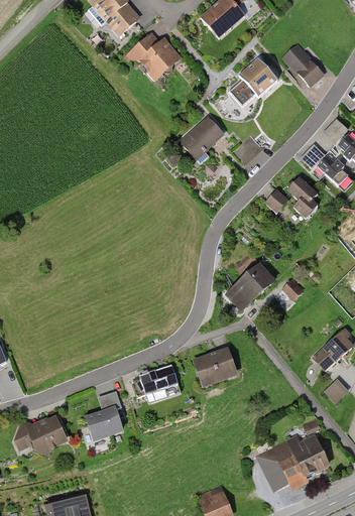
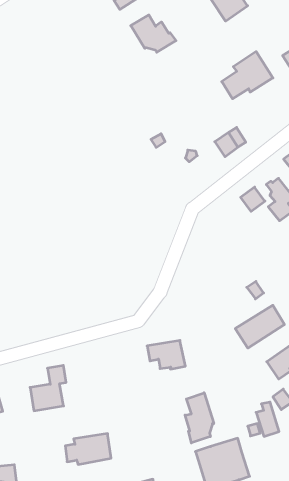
building: [181,117,223,157] -> none
building: [226,264,273,309] -> [235,305,284,348]
building: [132,364,179,398] -> [65,434,111,464]
building: none -> [185,393,214,443]
building: [303,436,328,471] -> [256,402,279,436]

